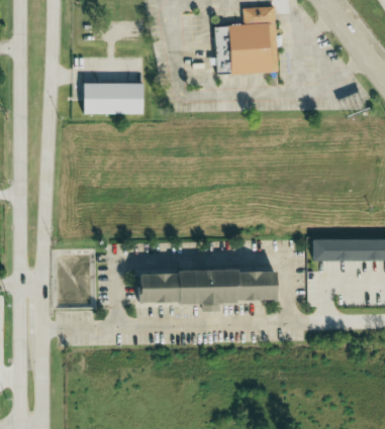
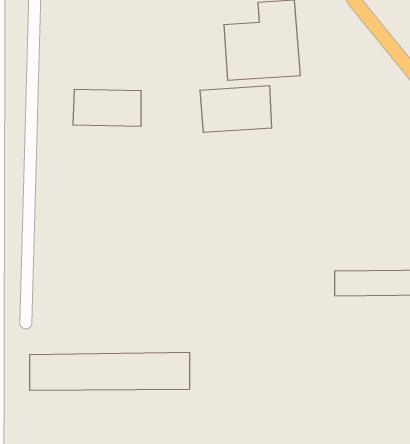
building: none -> [200,86,271,133]
building: [130,269,268,301] -> [30,352,190,390]

